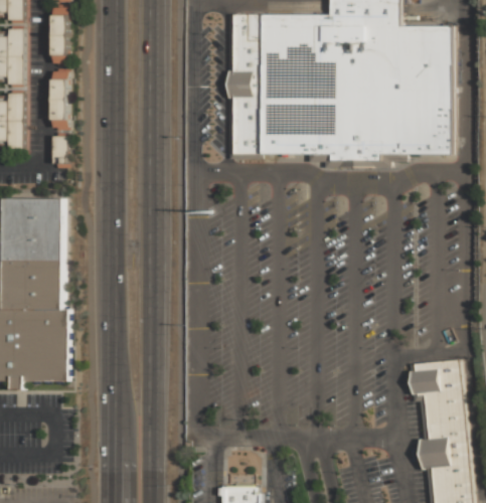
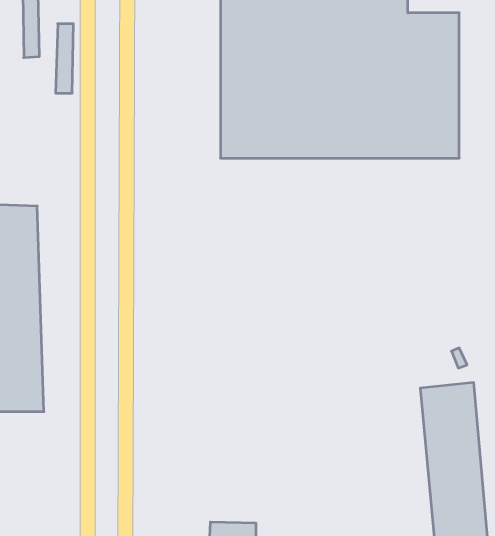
building: [51,74,67,137] -> [56,24,73,93]

